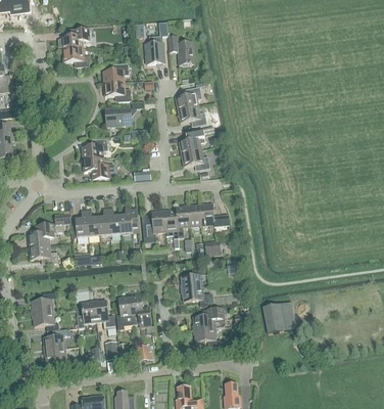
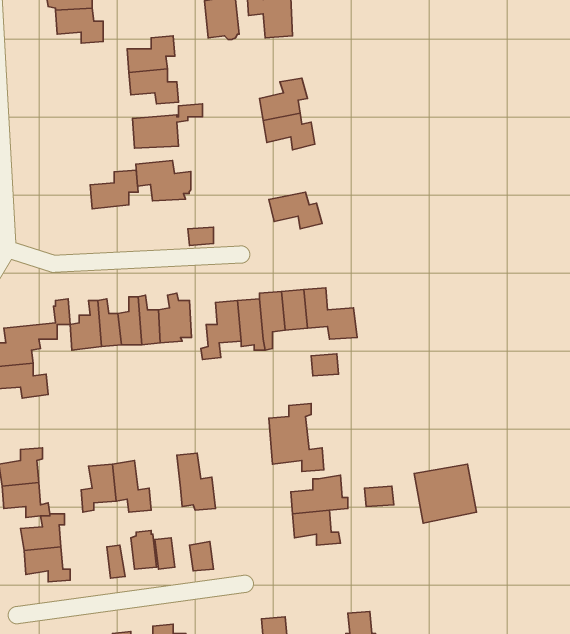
building: [179,130,205,153] -> none
building: [83,156,113,179] -> [136,161,191,201]
building: [115,296,133,329] -> none

